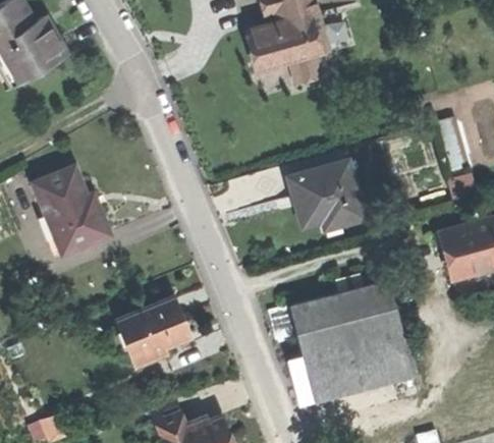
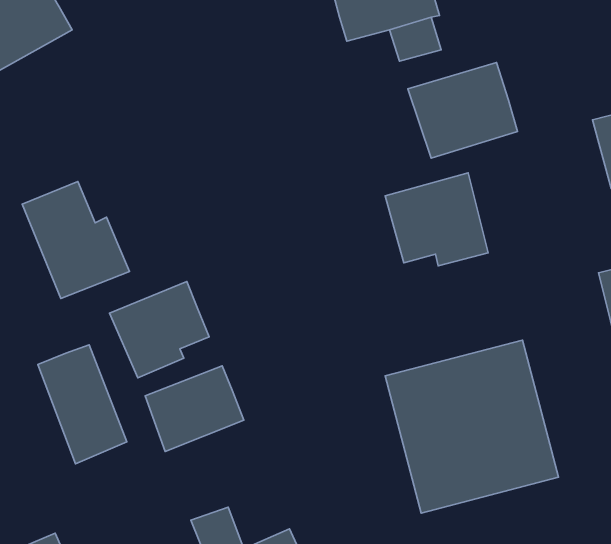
building: none -> [408,62,517,158]
building: none -> [109,282,209,378]
building: none -> [38,345,127,464]

